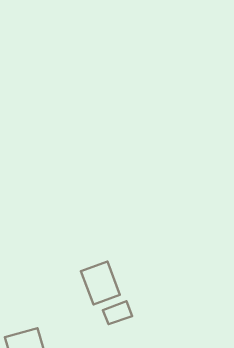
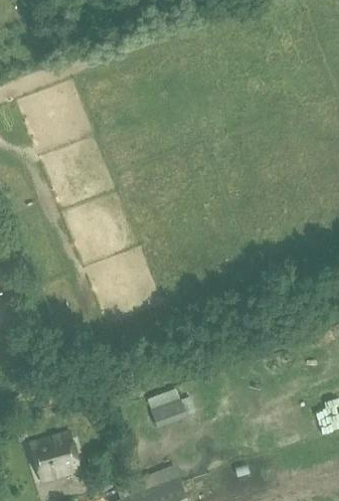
building: [81,262,120,304] -> none

